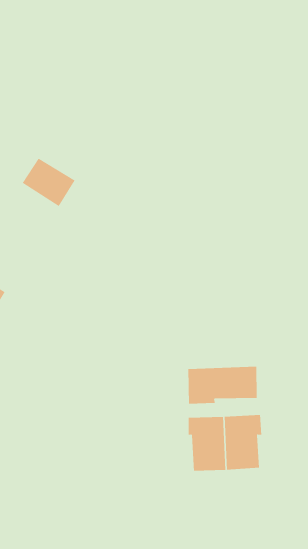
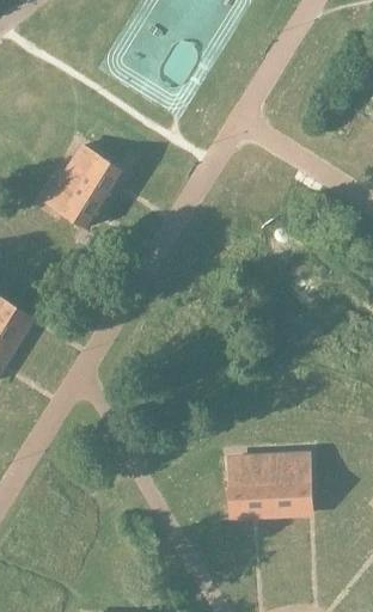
building: none -> [65,146,122,200]
building: [188,366,257,404] -> none

